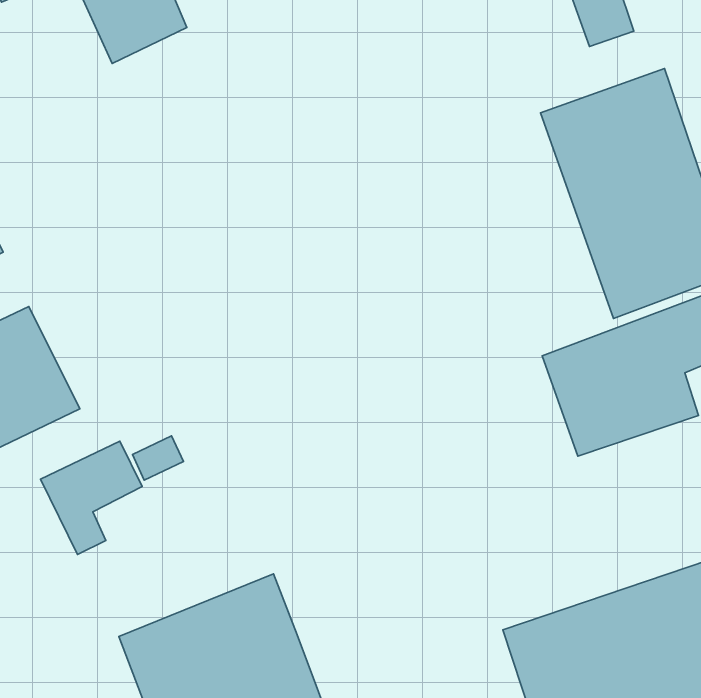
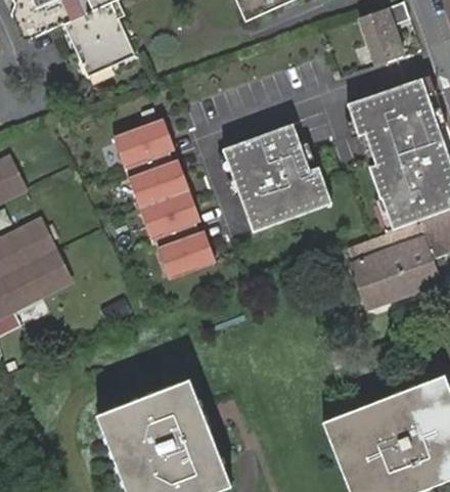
building: none -> [119,119,217,284]
building: none -> [222,125,331,231]
building: [40,441,142,554] -> none

